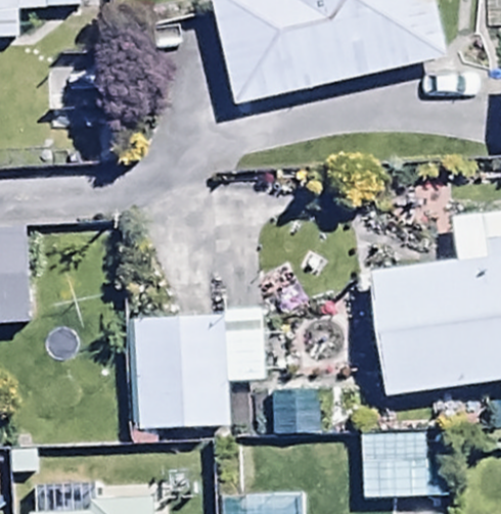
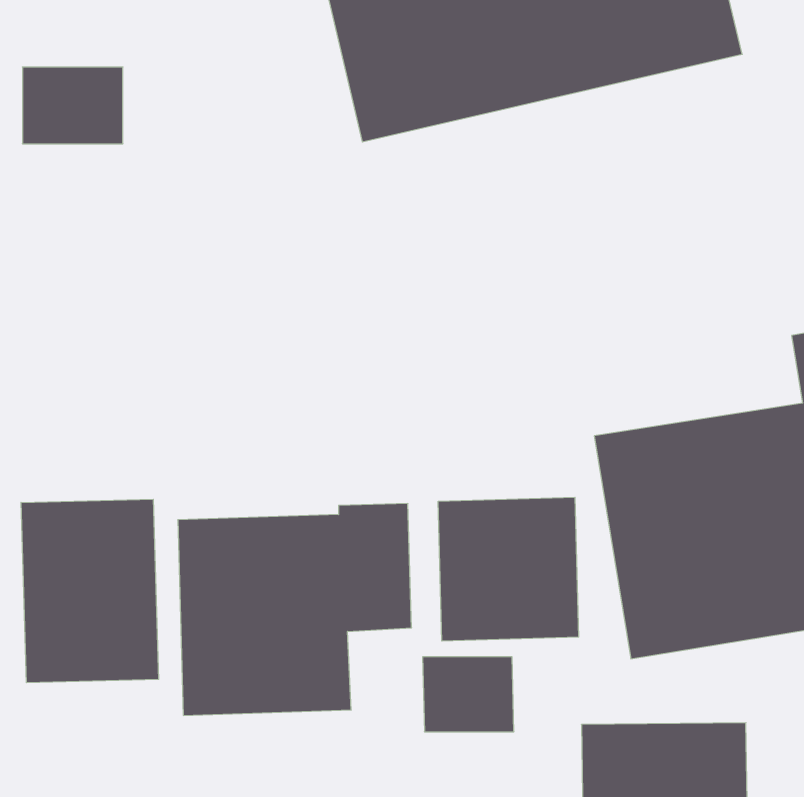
building: none -> [438,497,579,641]
building: none -> [21,499,159,683]

